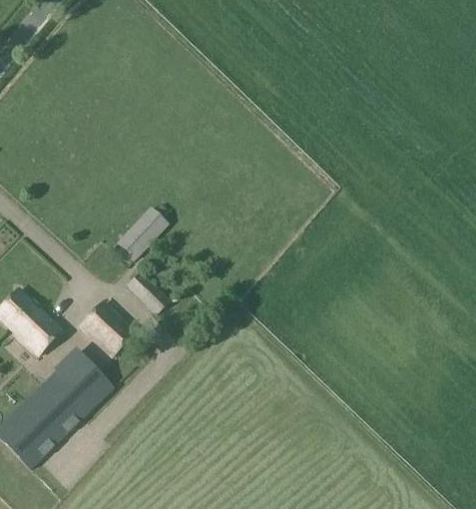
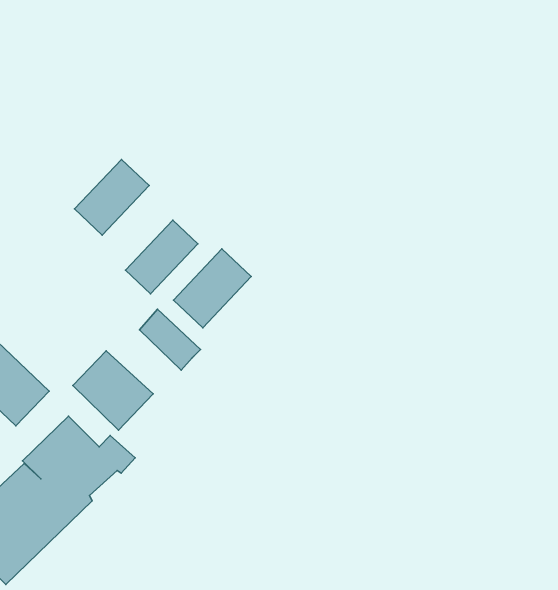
building: none -> [75,159,149,235]
building: none -> [174,249,251,328]

